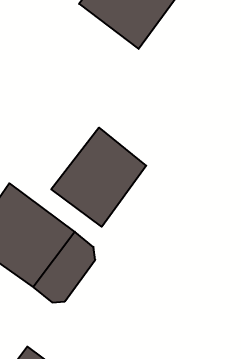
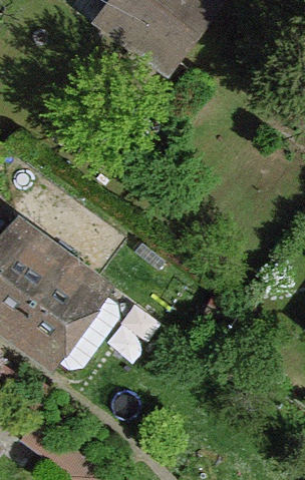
building: [51,128,146,227] -> none

